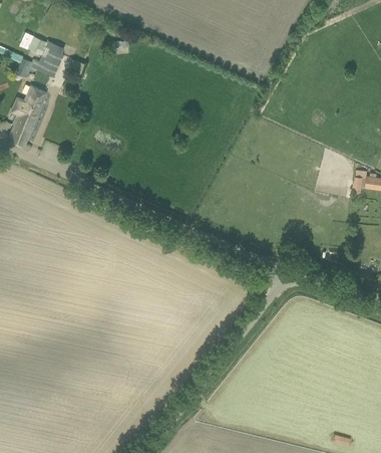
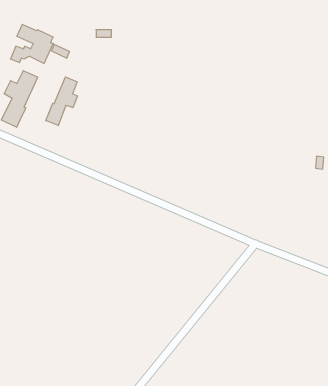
building: none -> [46,77,77,126]

